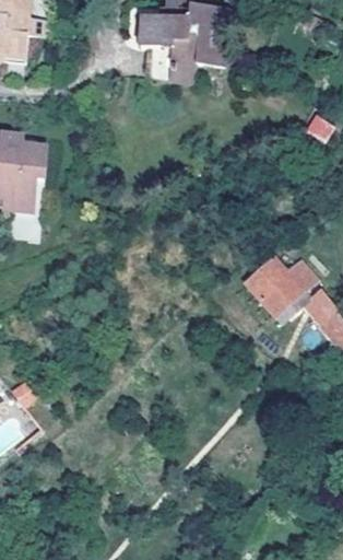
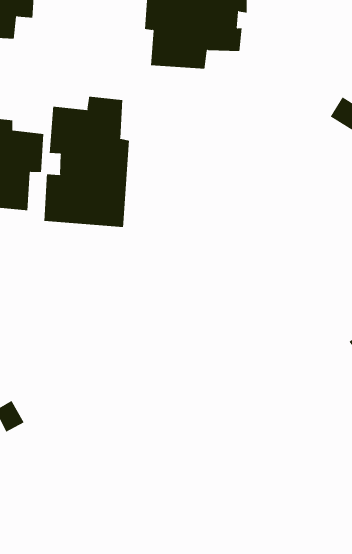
building: none -> [44,96,129,228]
building: [244,247,315,325] -> none

